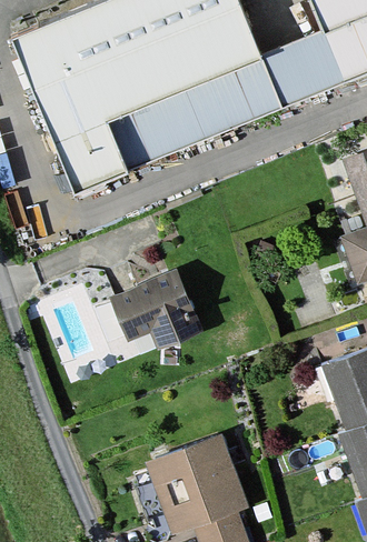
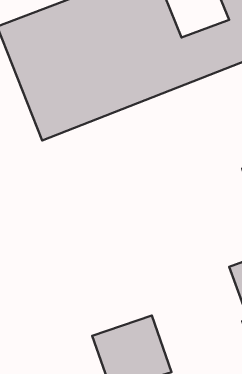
building: [103,259,198,340] -> none

